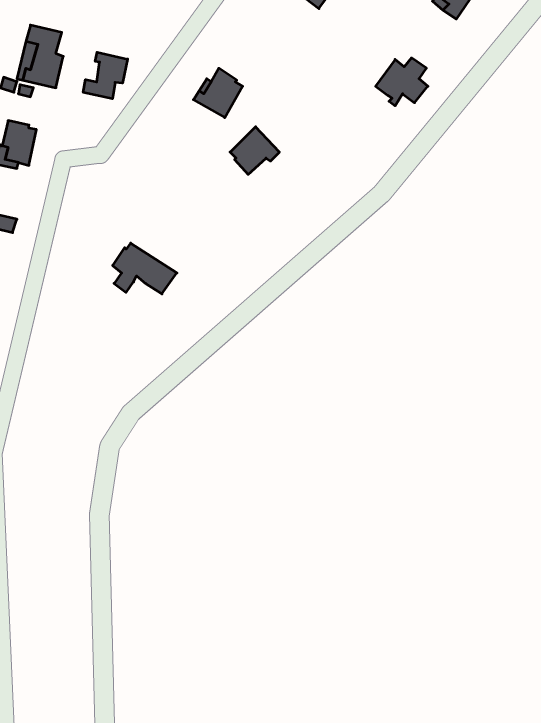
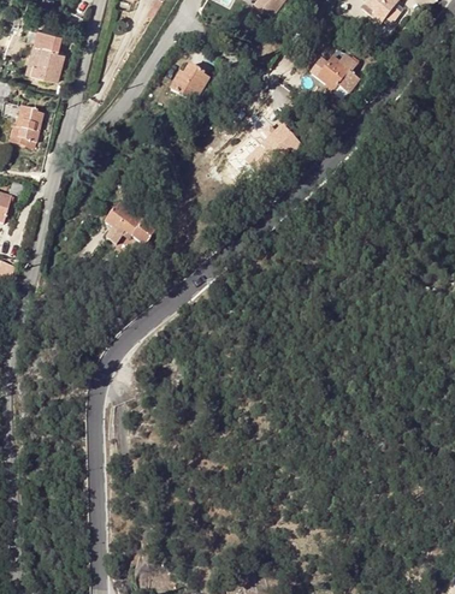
building: [83,52,128,99] -> none
building: [230,127,279,174] -> [261,124,301,162]

